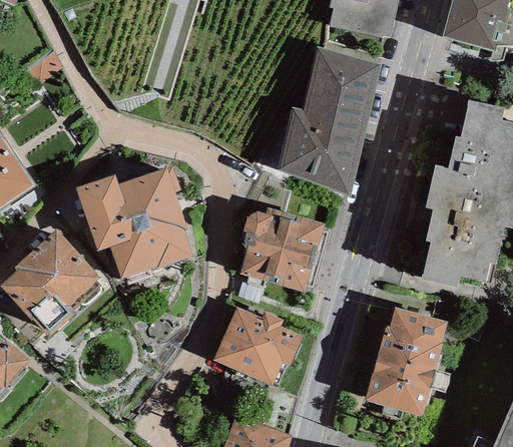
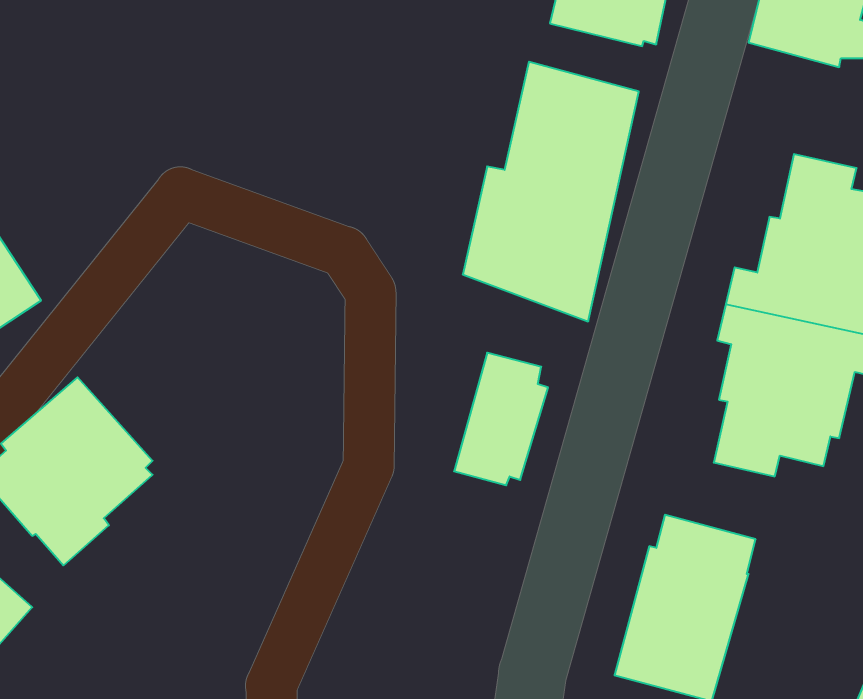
building: [76,166,190,279] -> none
building: [239,207,292,289] -> none
building: [212,306,302,385] -> none

